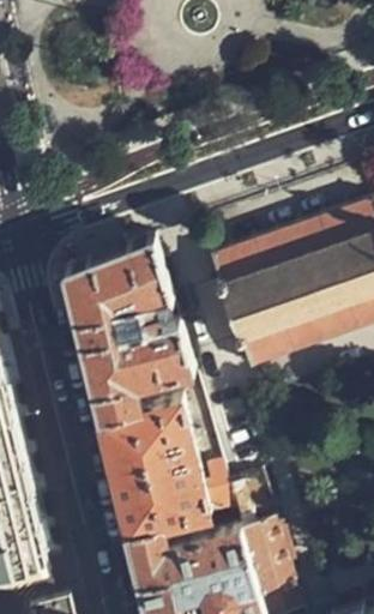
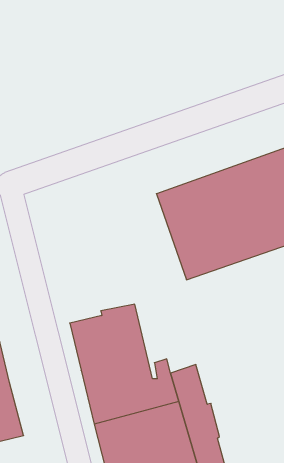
building: [64,241,195,423] -> none

